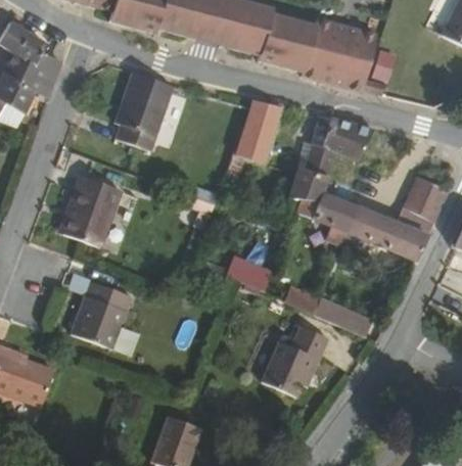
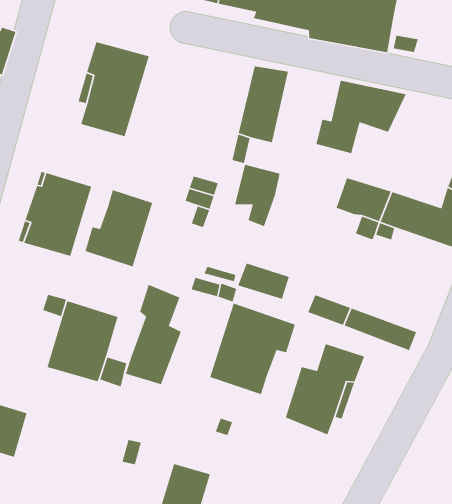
building: [289,166,328,218] -> [234,164,280,227]
building: none -> [85,189,153,268]
building: none -> [125,284,182,385]
building: none -> [209,303,296,395]

